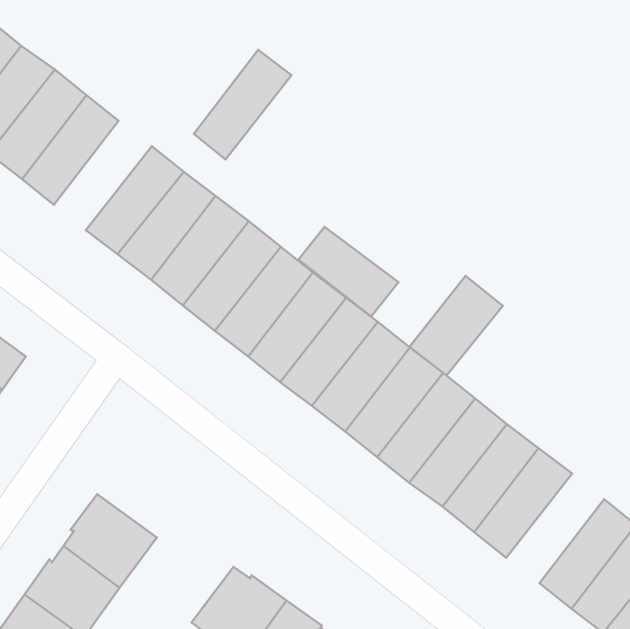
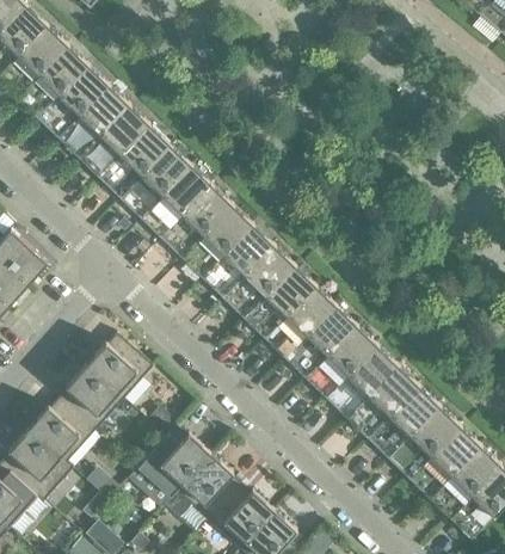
building: [194,50,292,159] -> [78,104,150,178]
building: [298,227,399,317] -> none
building: [410,276,503,375] -> none
building: none -> [86,332,153,398]
building: none -> [367,384,439,458]

